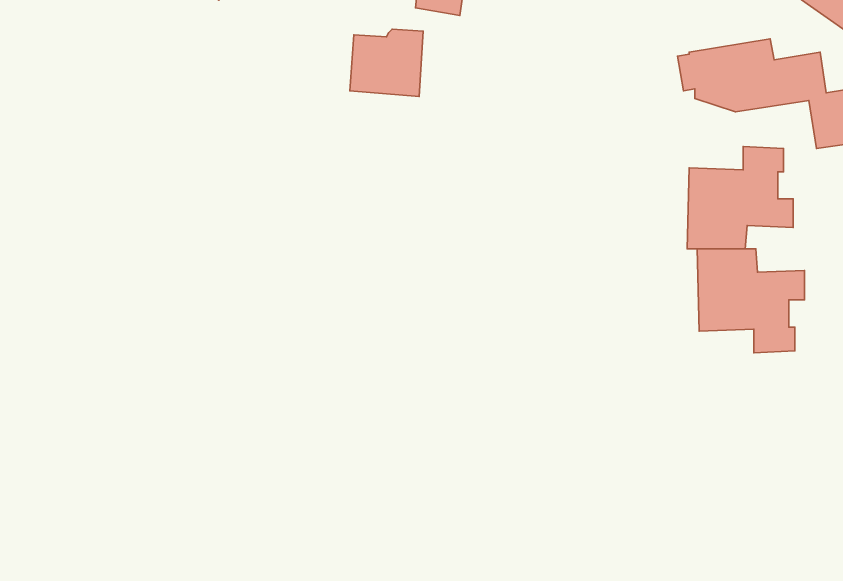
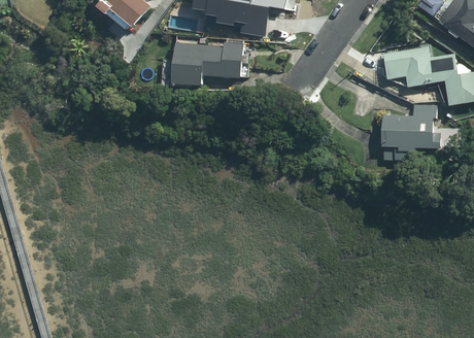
building: none -> [173,42,205,87]
building: [697,249,805,353] -> none

